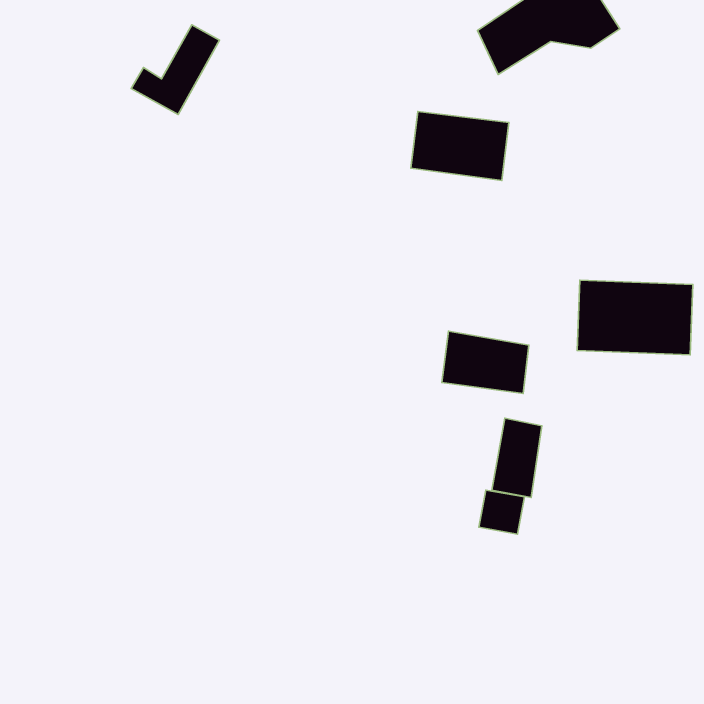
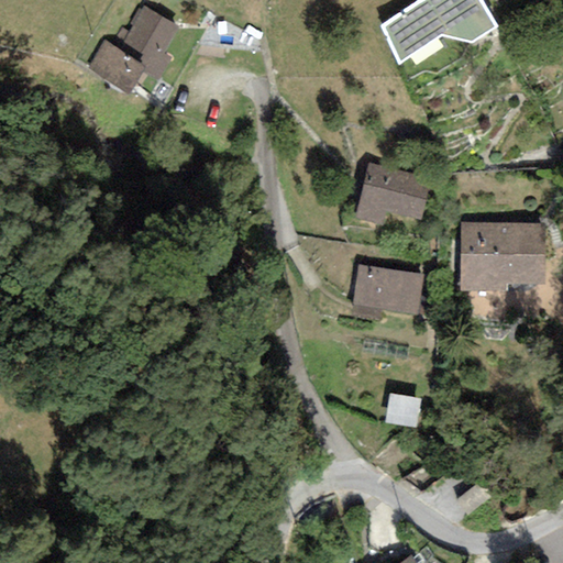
building: [411,112,509,181] -> [358,169,437,224]
building: [492,418,542,497] -> none

